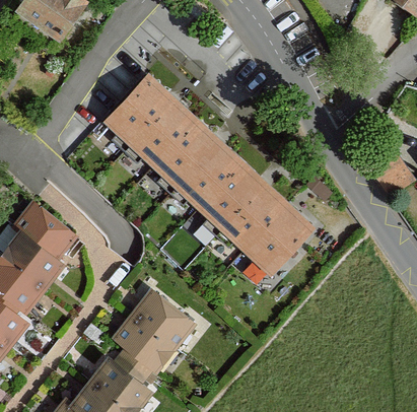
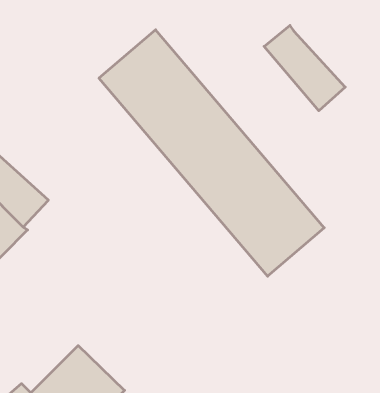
building: none -> [264,25,345,111]
building: [114,288,198,374] -> none

